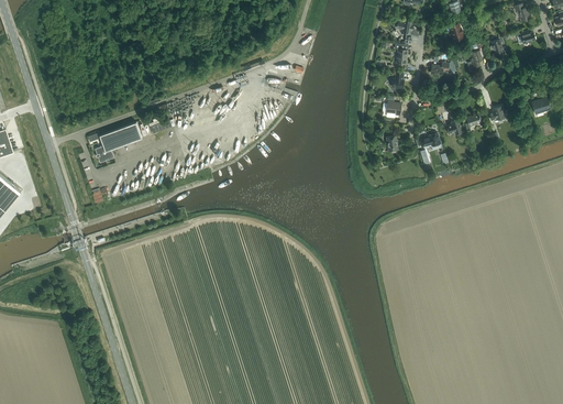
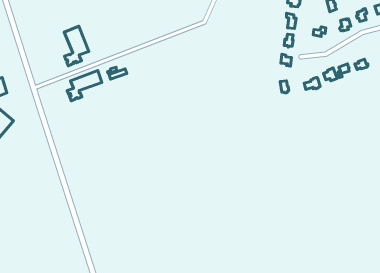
building: none -> [64,26,89,66]

